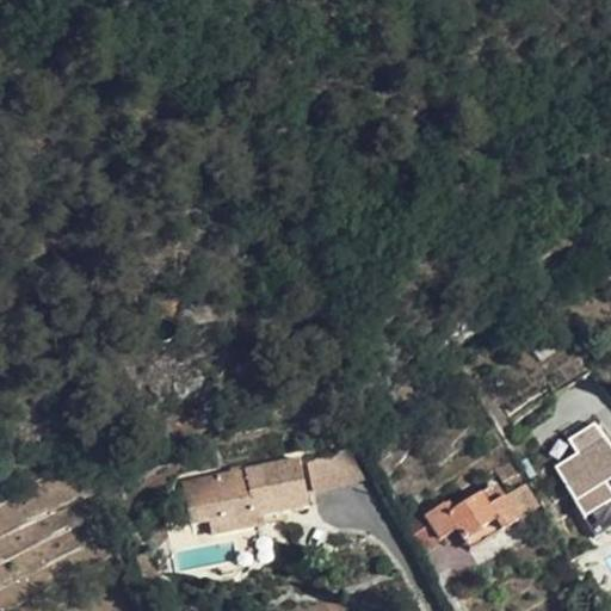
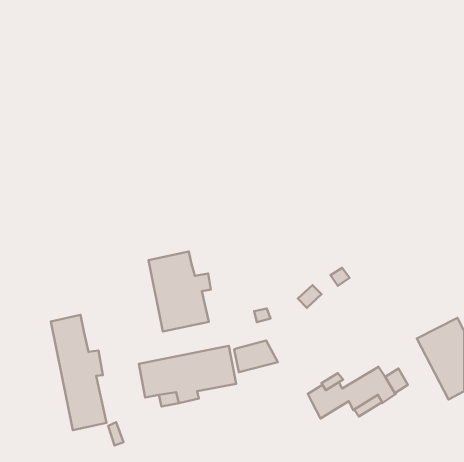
building: none -> [148,252,211,331]
building: none -> [51,315,106,430]

